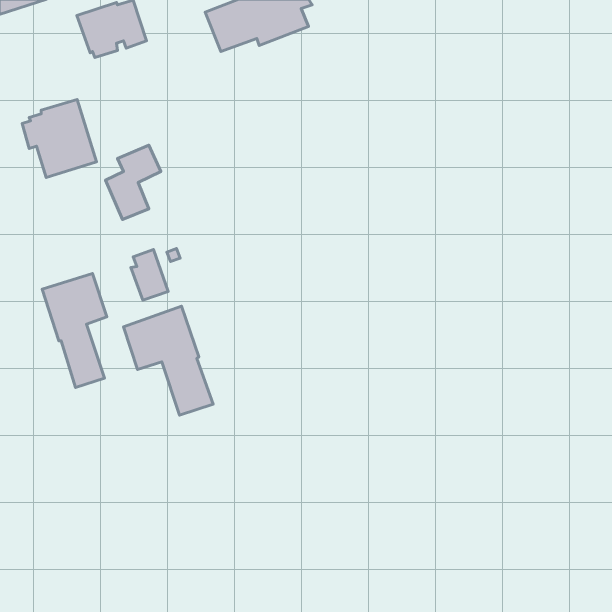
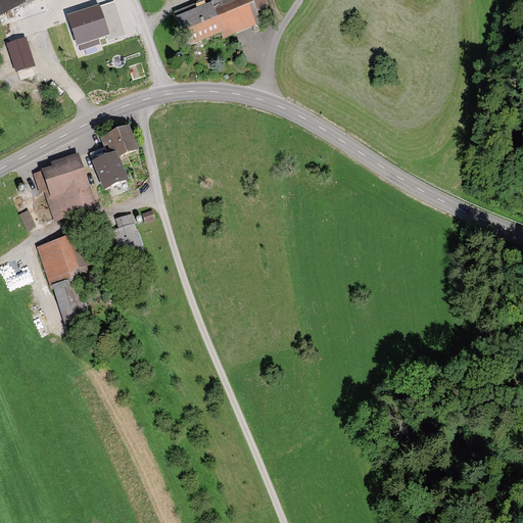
building: none -> [5,36,36,72]
building: [22,99,97,177] -> [32,151,95,218]
building: [123,306,213,415] -> none

